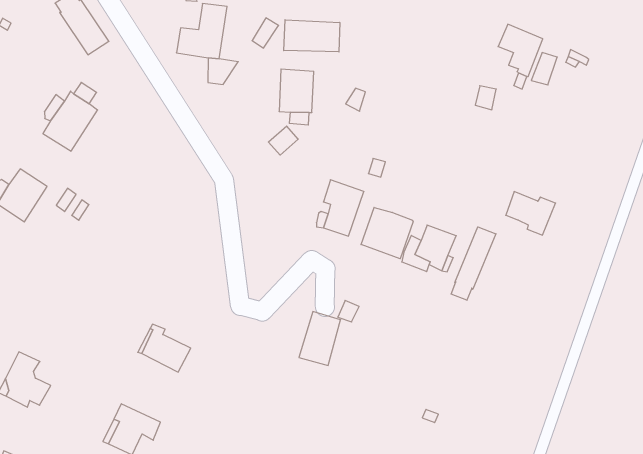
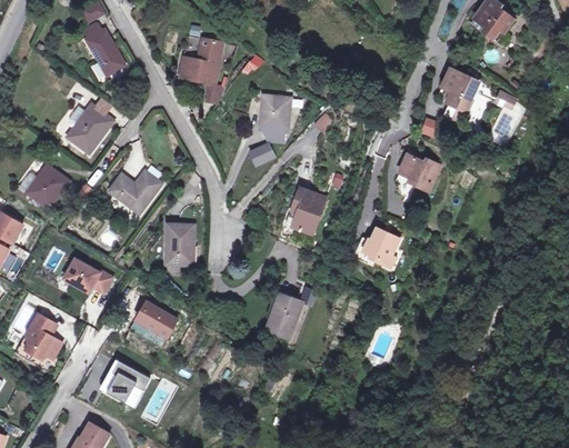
building: [284,20,340,52] -> none
building: none -> [109,170,161,212]
building: [506,192,556,235] -> [399,153,440,190]
building: [361,207,413,259] -> none
building: [451,227,496,300] -> none
building: none -> [166,223,193,265]
building: none -> [63,258,112,292]

